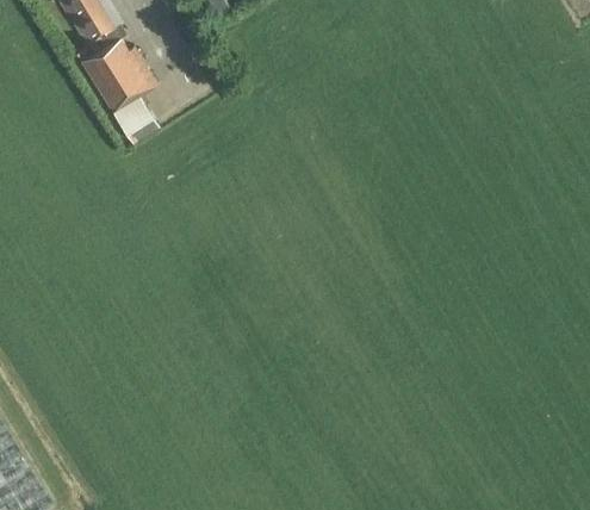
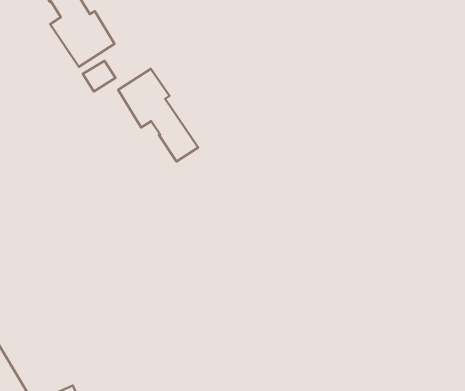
building: none -> [118,69,198,162]

